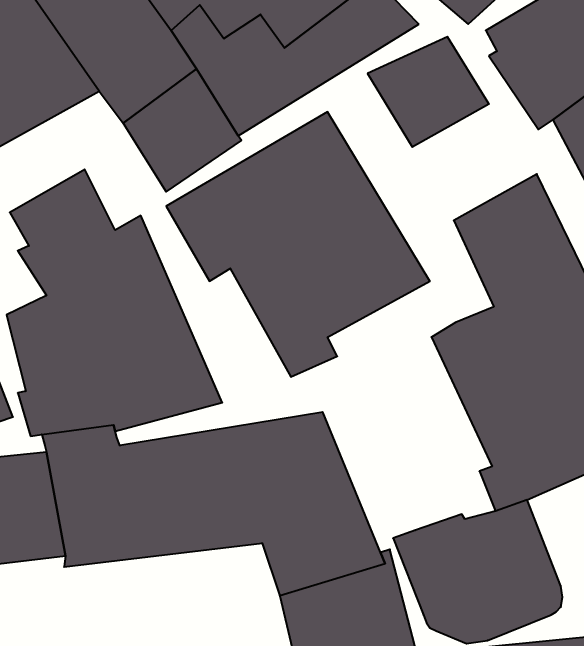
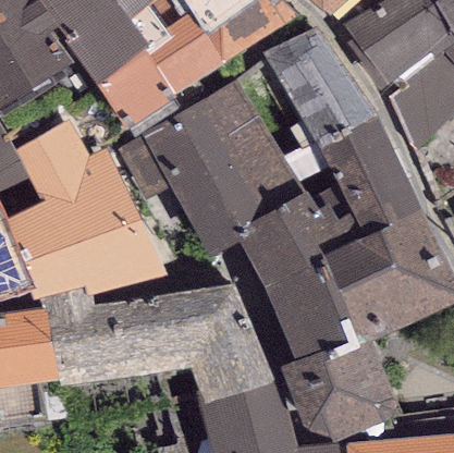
building: none -> [293,72,378,151]
building: none -> [235,193,349,363]

